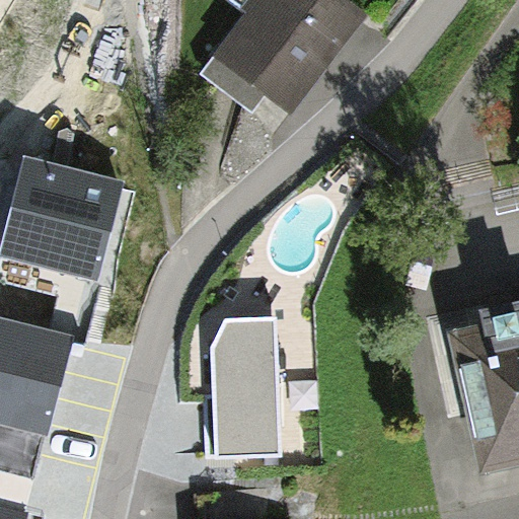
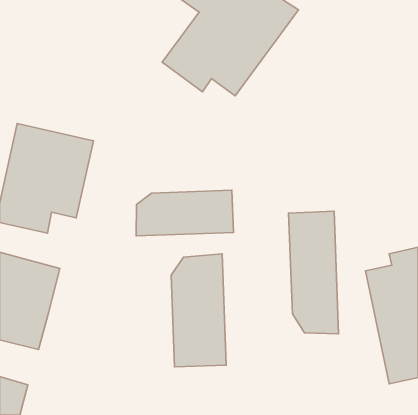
building: none -> [136,190,234,236]
building: none -> [289,211,339,334]

